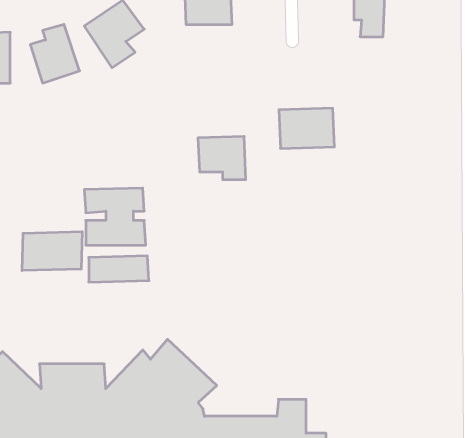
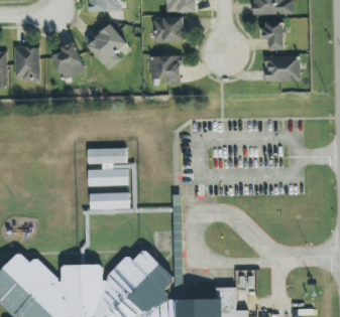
building: [279,108,334,148] -> [264,55,301,82]
building: [198,136,246,180] -> [150,55,182,84]
building: [22,232,82,271] -> none

